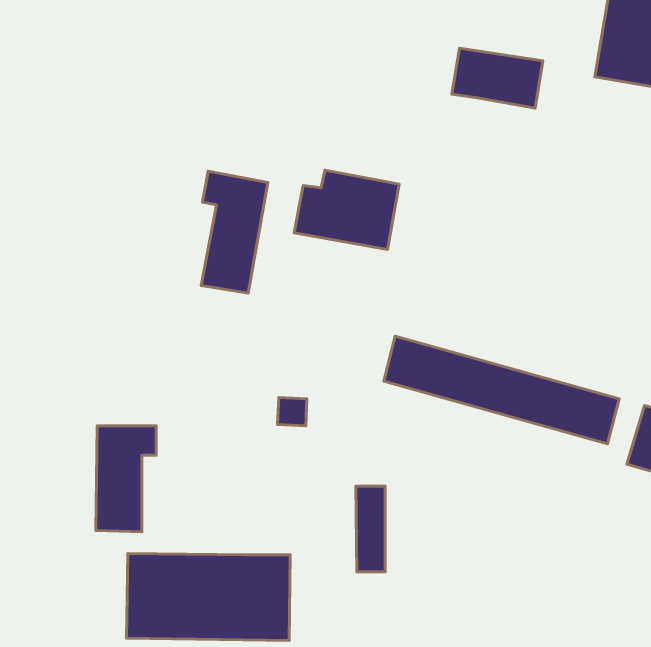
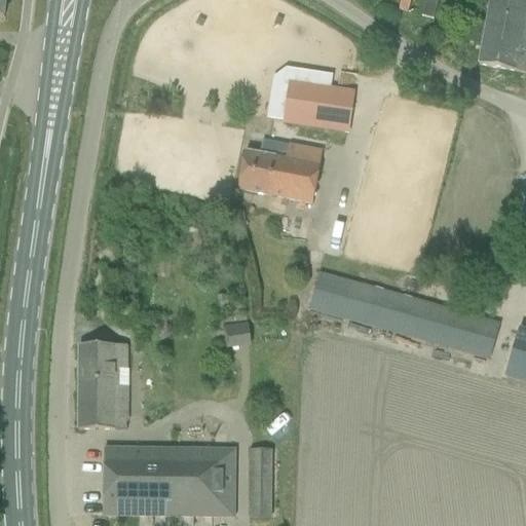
building: [452,48,543,108] -> [284,81,356,129]
building: [201,171,268,293] -> none
building: [356,486,385,572] -> [249,447,272,516]

